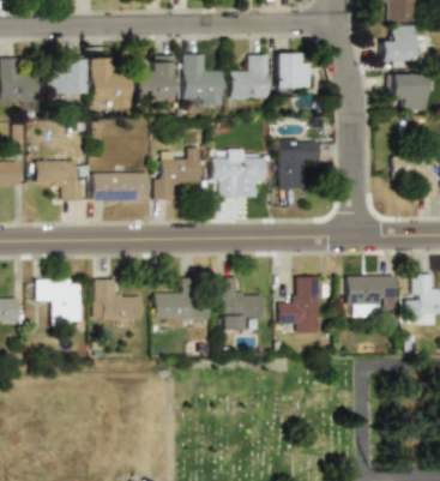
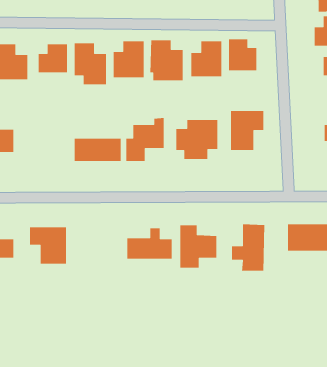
building: [35,161,80,202] -> none
building: [95,279,141,320] -> none

